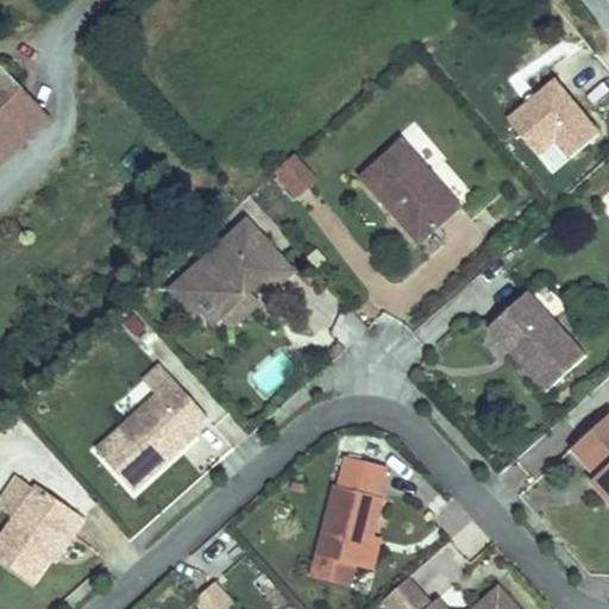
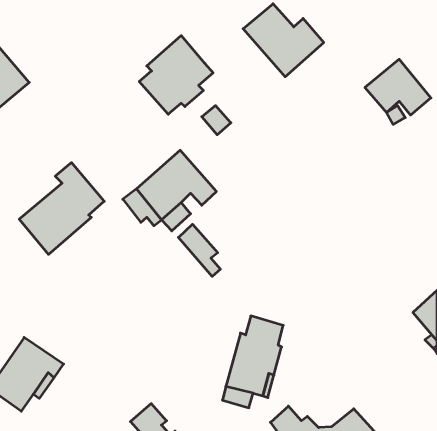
building: none -> [139,36,213,114]
building: [359,145,471,246] -> [243,4,324,77]
building: [491,289,592,390] -> none
building: none -> [178,224,220,276]
building: [89,362,207,489] -> [19,163,104,254]

